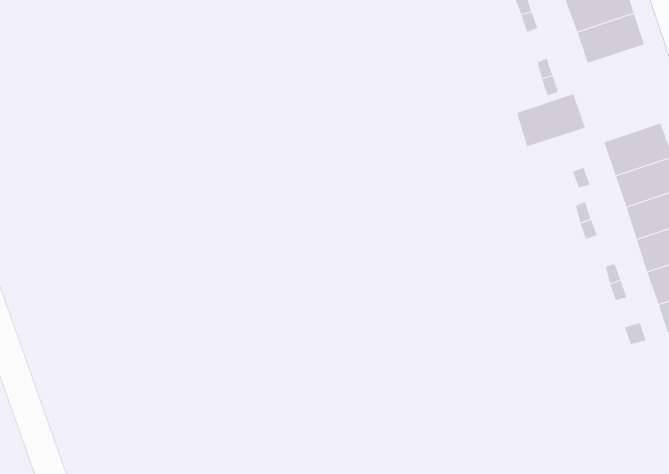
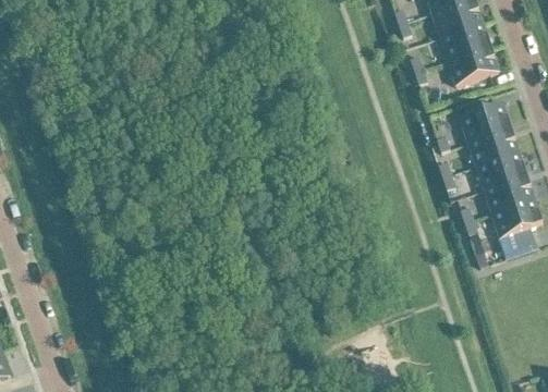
building: [516,94,586,147] -> [449,46,500,85]

